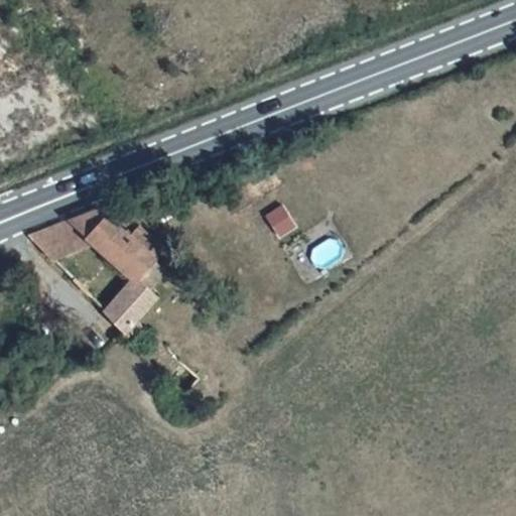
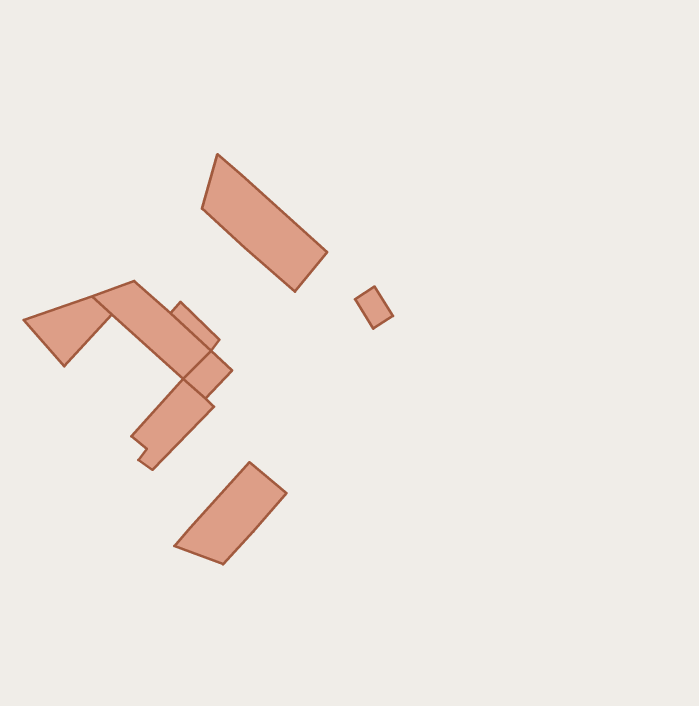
building: none -> [202,154,327,292]
building: none -> [174,462,286,564]

